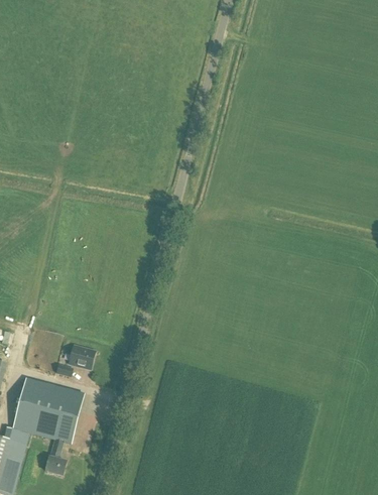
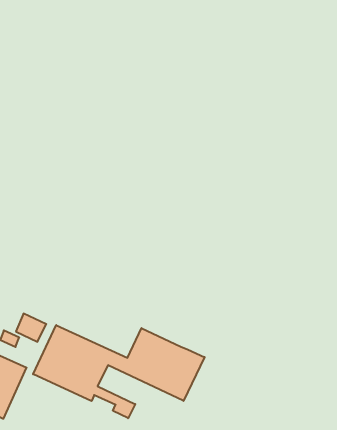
building: none -> [33,325,205,418]

